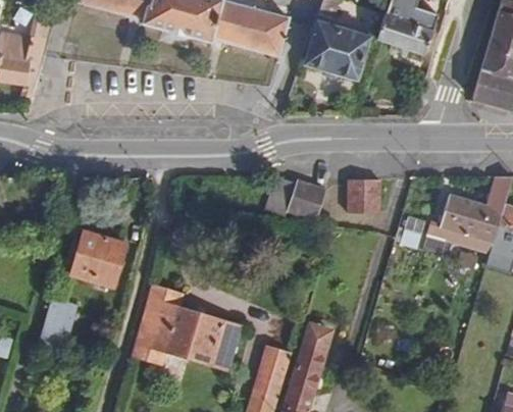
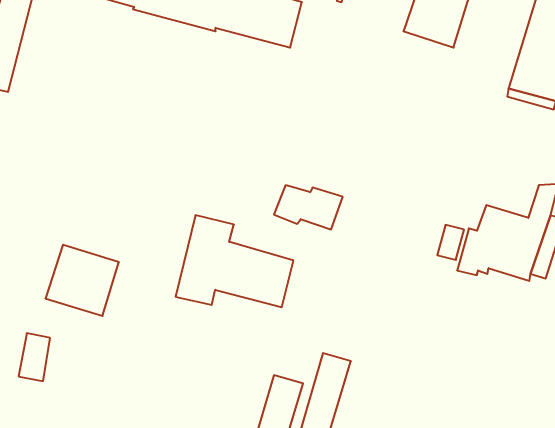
building: [304,19,371,83] -> none
building: [347,175,382,210] -> none
building: [136,292,239,372] -> [176,215,293,307]

